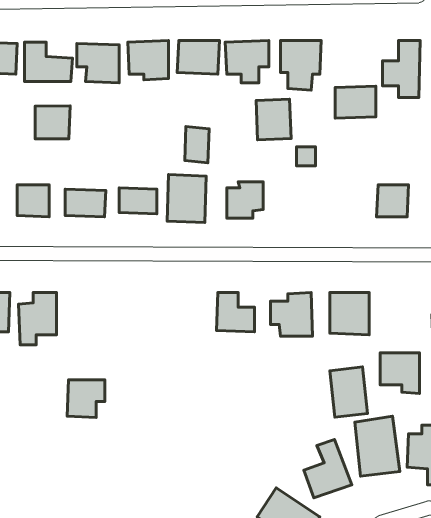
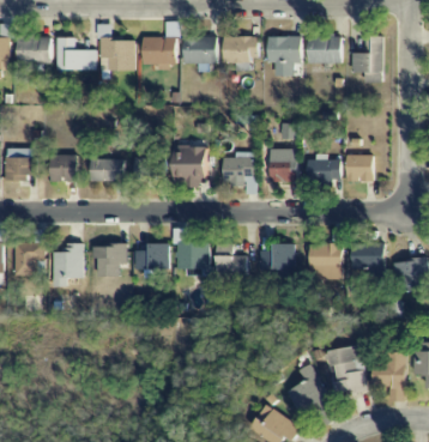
building: [335,86,376,118] -> [308,37,342,63]
building: [256,99,291,140] -> [270,149,298,182]
building: [35,106,70,139] -> none
building: [185,127,209,163] -> none
building: none -> [307,157,342,182]
building: none -> [176,242,211,276]
building: none -> [134,243,169,270]
building: [380,353,419,394] -> [352,243,385,277]
building: [330,367,368,417] -> none
building: [67,380,105,418] -> [96,246,127,277]

